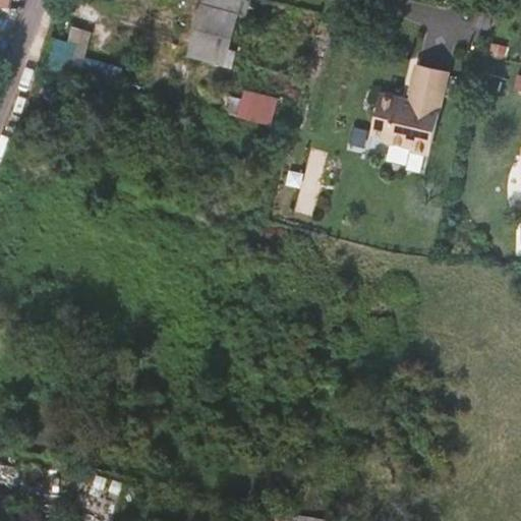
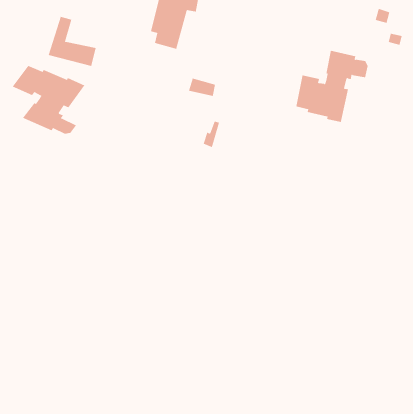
building: none -> [12,65,85,135]

